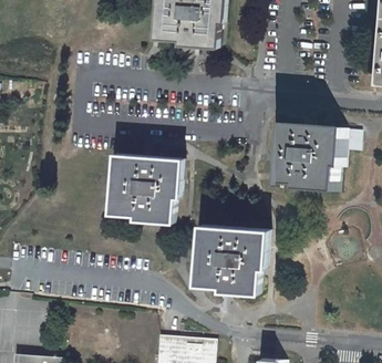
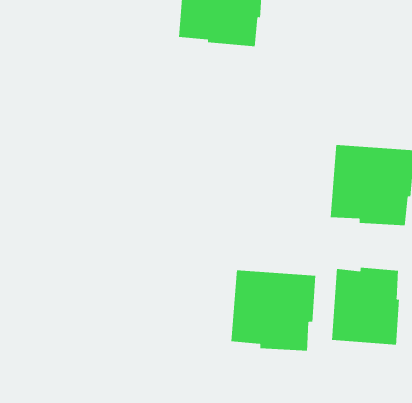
building: [111,155,179,220] -> none
building: none -> [331,267,399,345]

